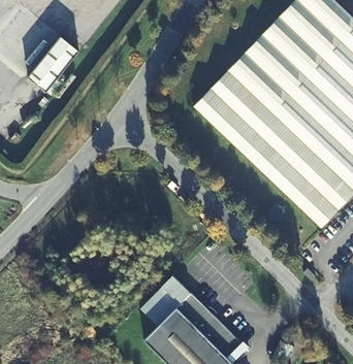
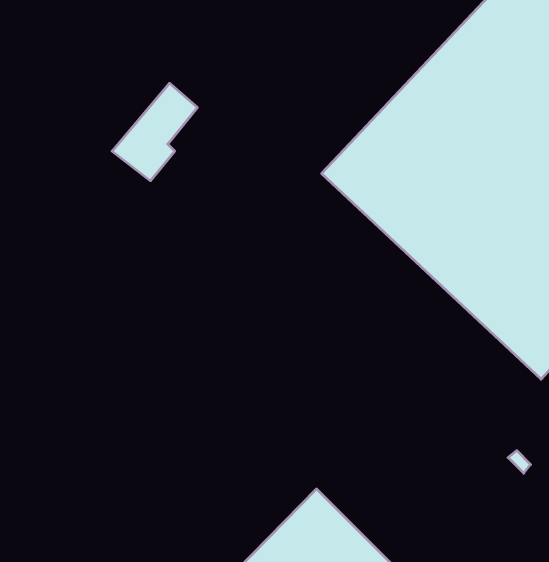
building: [22,31,72,89] -> [112,83,197,181]
building: [141,286,180,325] -> none

